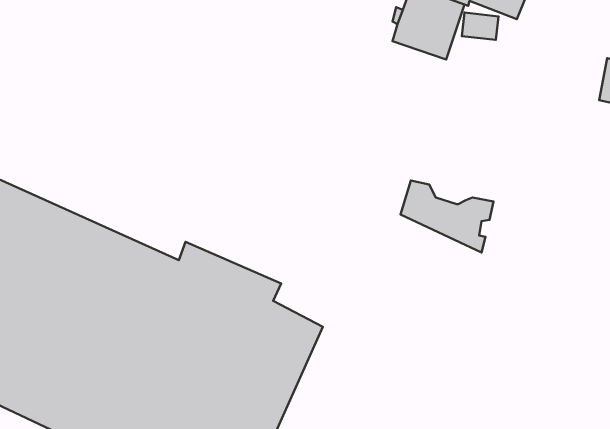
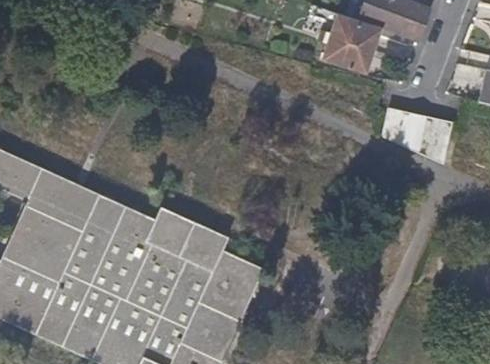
building: [400,181,493,253] -> [378,108,449,163]

